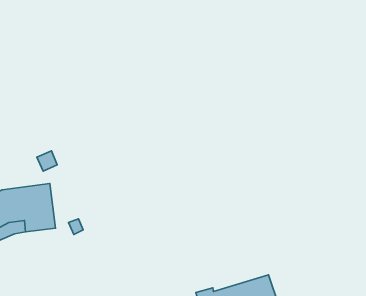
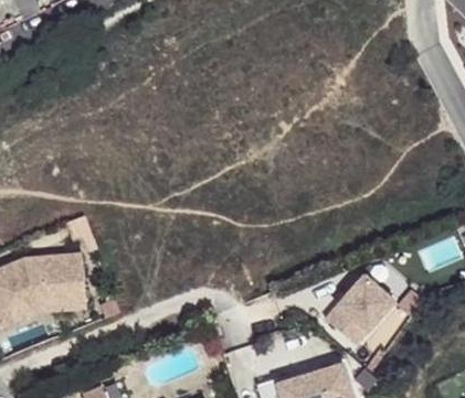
building: none -> [324,273,393,345]

